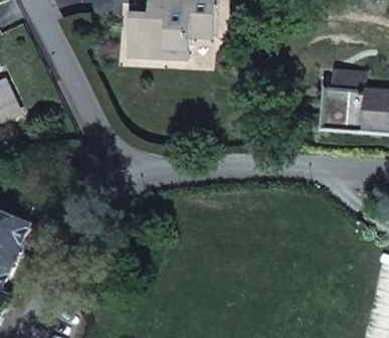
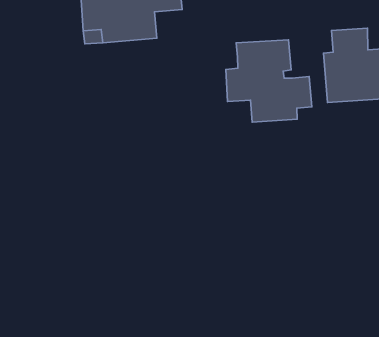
building: none -> [226,40,312,122]

